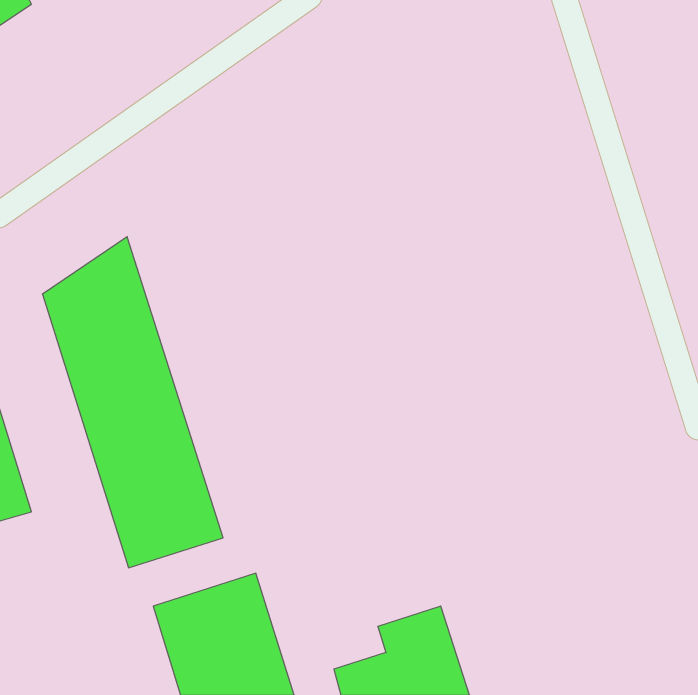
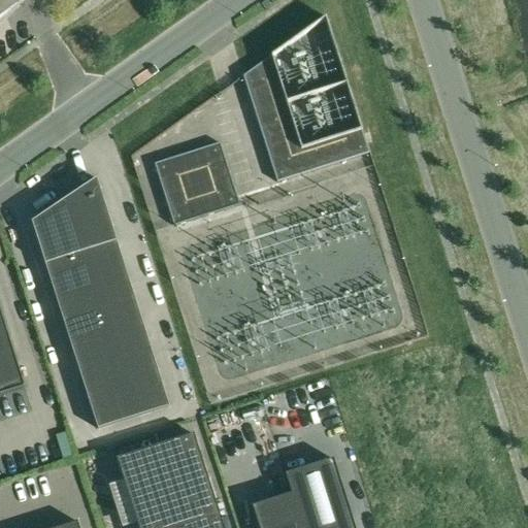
building: none -> [242,15,368,180]
building: none -> [154,141,238,224]

